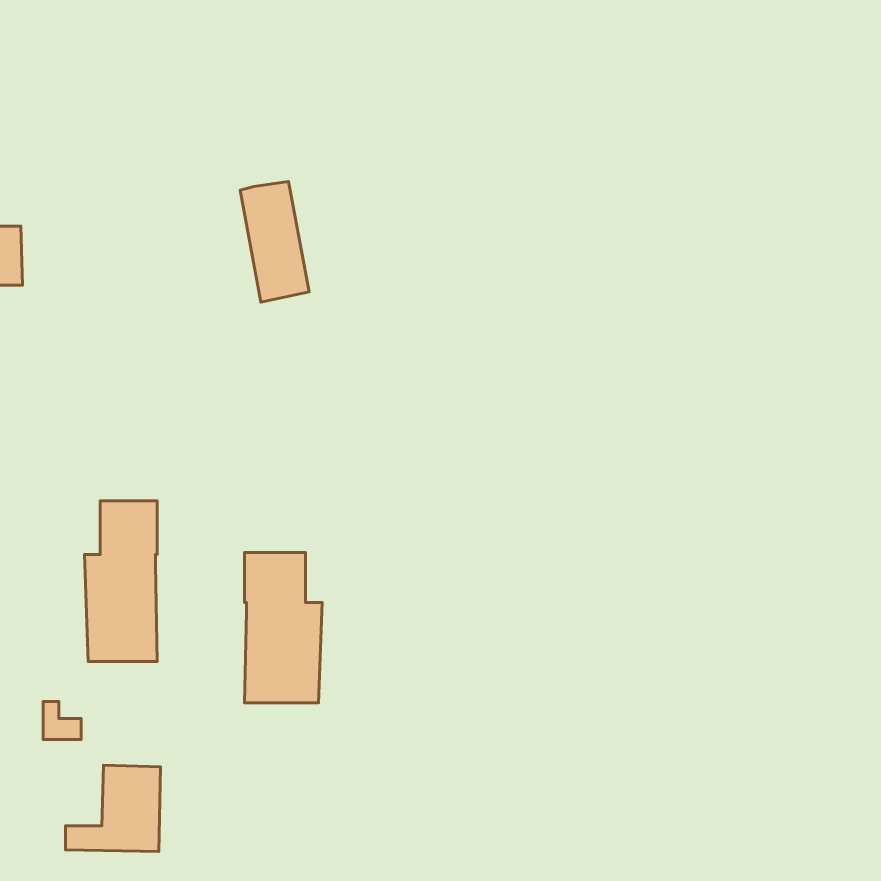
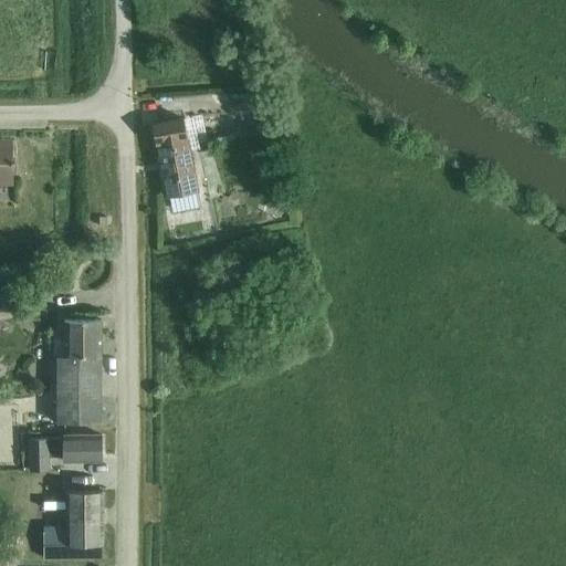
building: [245,553,322,703] -> none
building: none -> [55,436,102,471]

